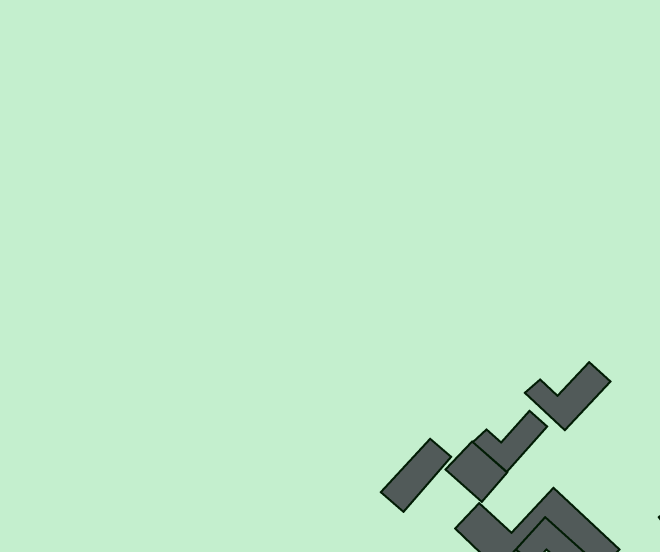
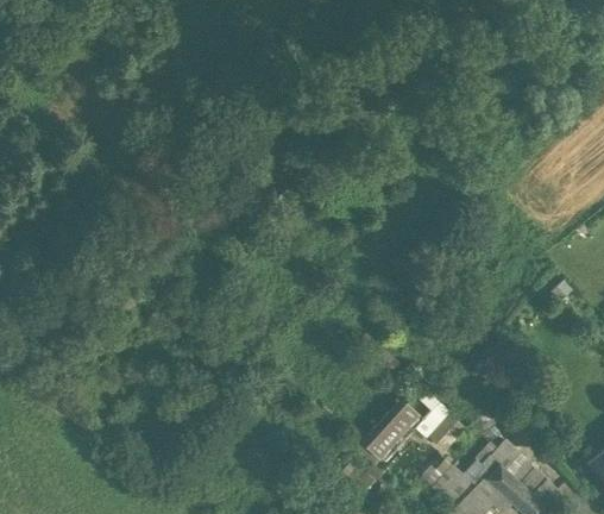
building: [525,362,610,430] -> none
building: [473,411,547,472] -> none

